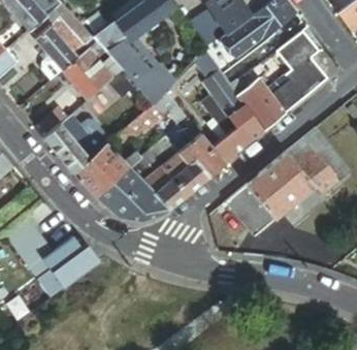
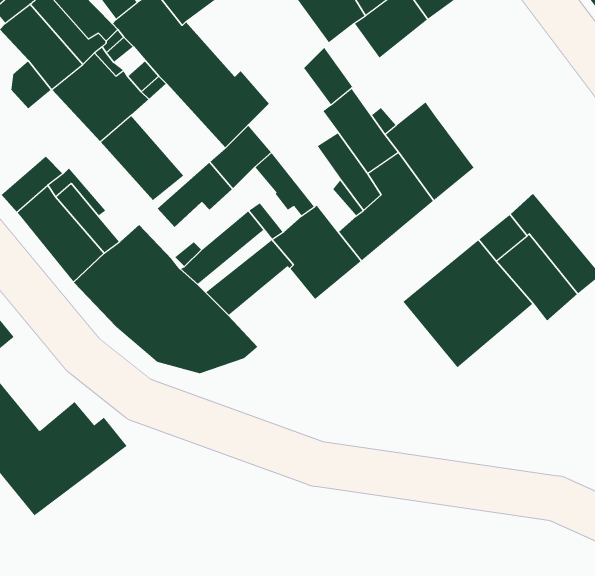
building: [265,31,326,114] -> none
building: [156,166,201,209] -> none
building: [227,185,277,237] -> none

